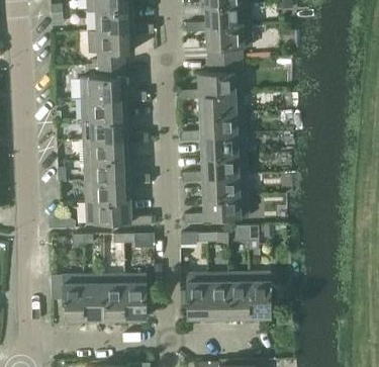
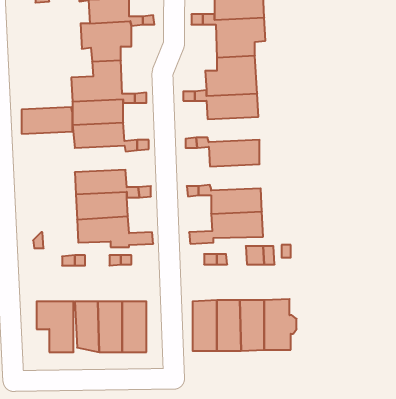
building: [199,113,245,135] -> none
building: [83,139,127,162] -> [22,107,72,134]
building: [201,155,246,178] -> none

